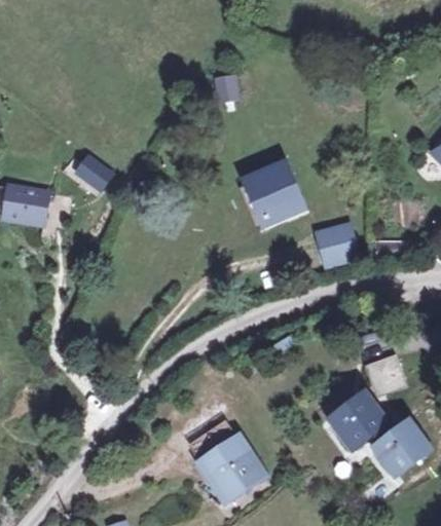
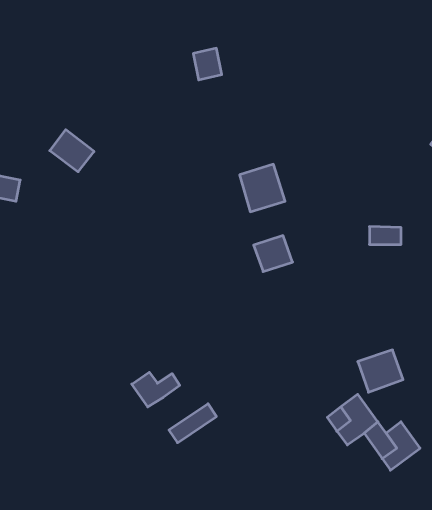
building: [318,232,356,267] -> [254,236,293,272]
building: none -> [132,372,180,407]
building: [208,444,263,499] -> none

